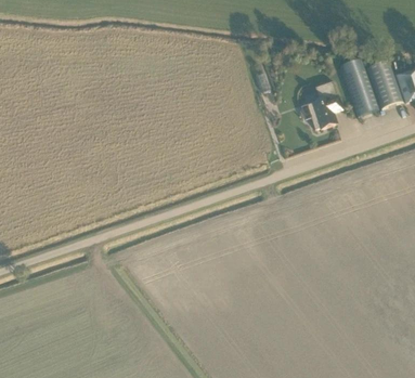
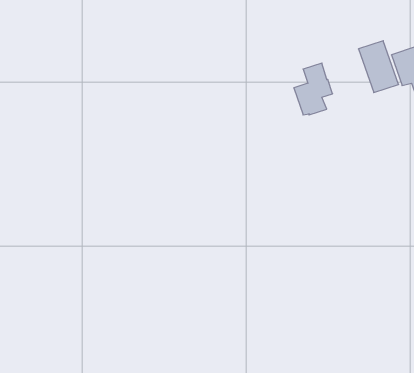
building: [336,58,376,117] -> none

